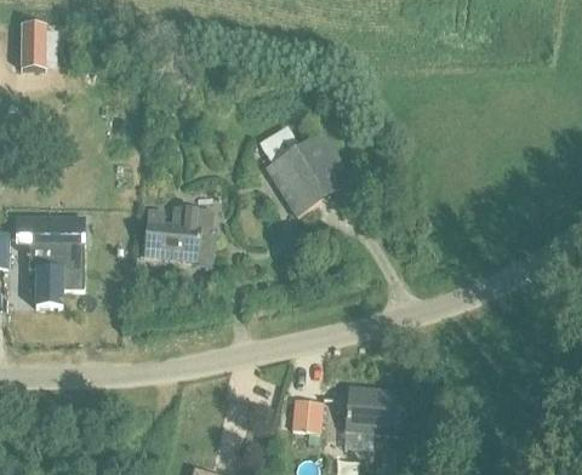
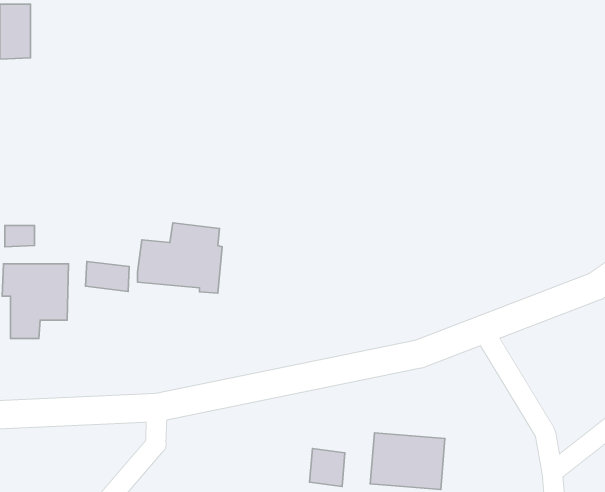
building: [259,131,349,214] -> none
building: none -> [86,261,129,291]

